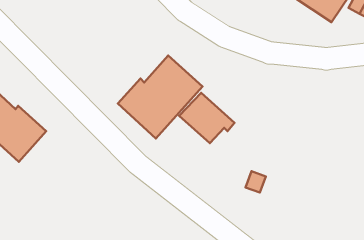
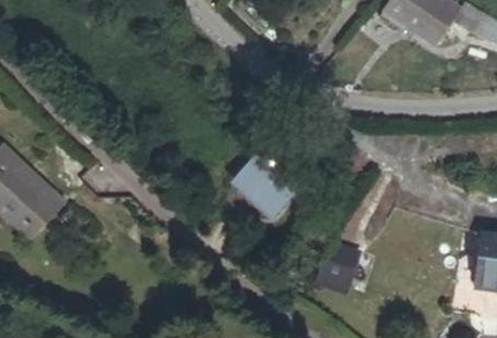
building: [118,56,202,138] -> none

